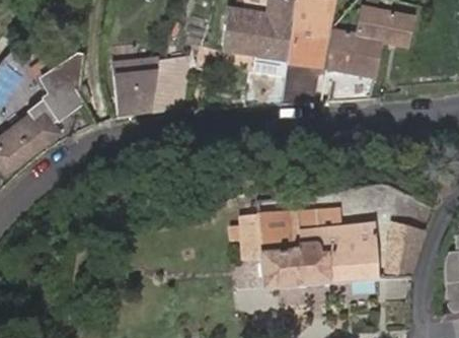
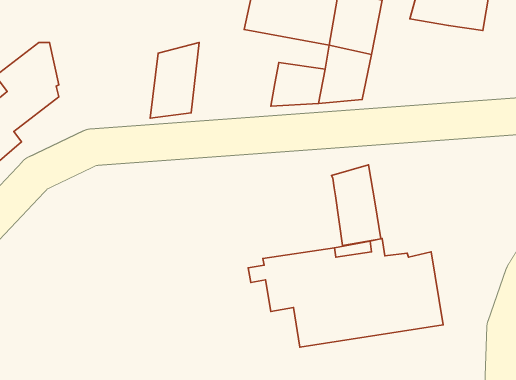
building: [331,35,383,77] -> none
building: [116,61,162,118] -> none
building: none -> [331,165,381,246]
building: [386,218,428,274] -> none

